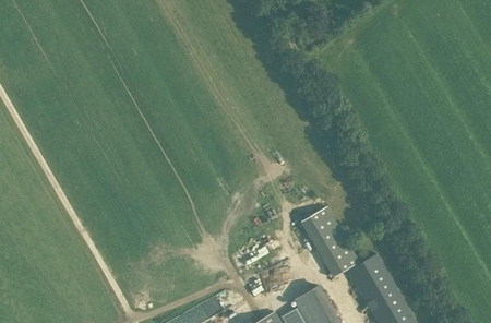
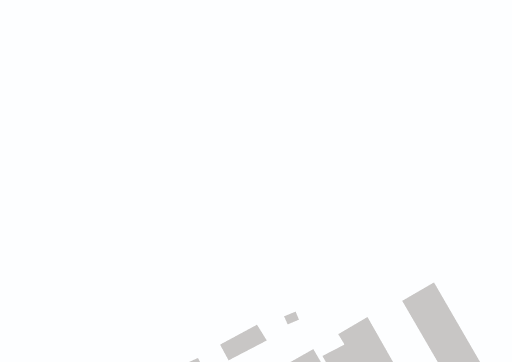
building: [302,207,359,276] -> none

